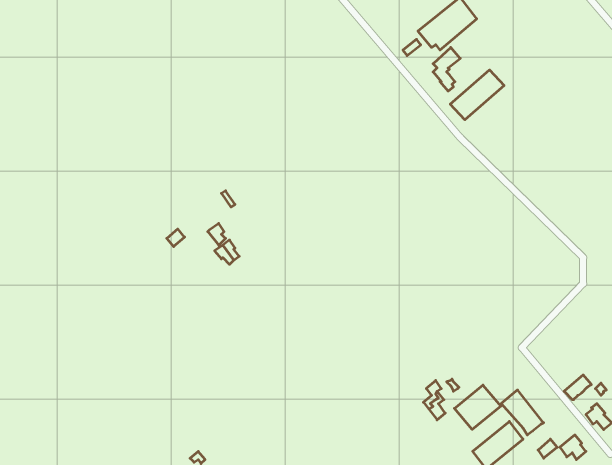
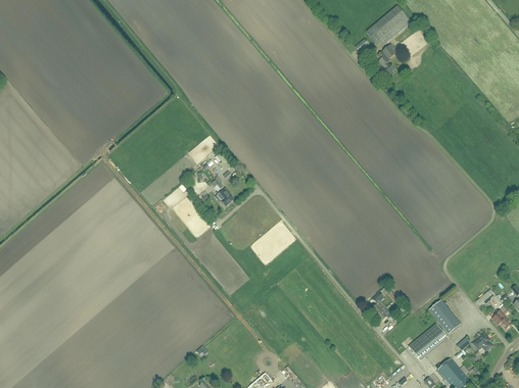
building: [450,70,504,120] -> none
building: [454,385,501,429] -> none

